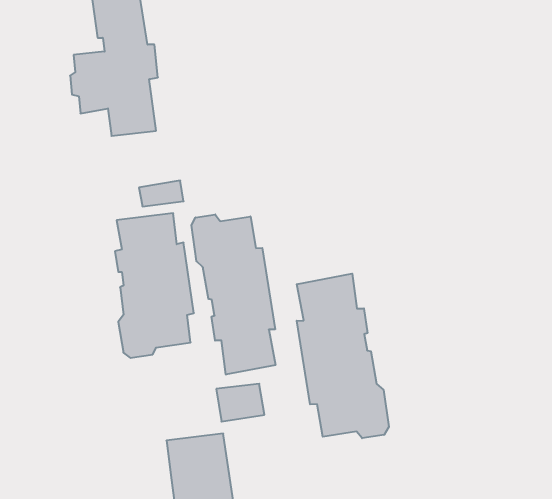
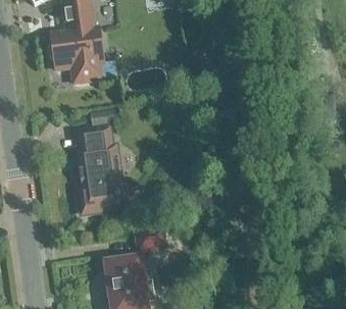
building: [191,214,275,375] -> none
building: [297,274,389,438] -> none

